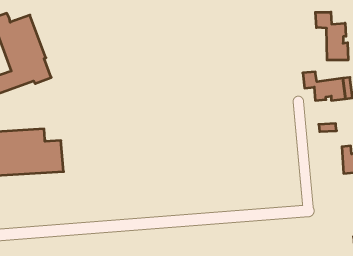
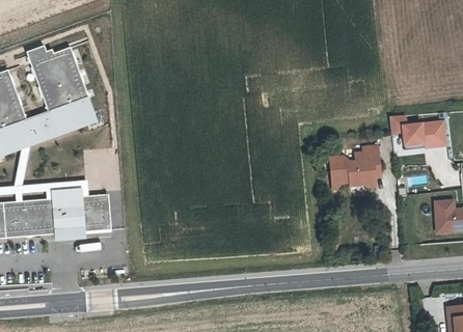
building: [315,12,348,60] -> none
building: none -> [329,147,378,187]

